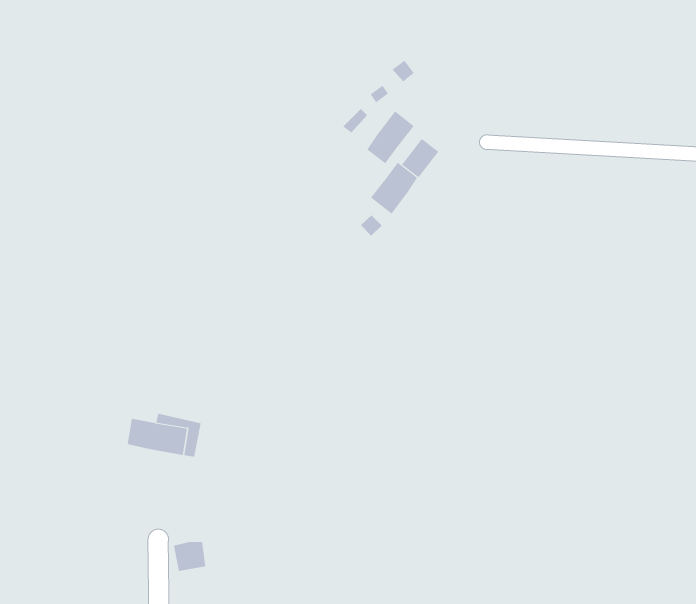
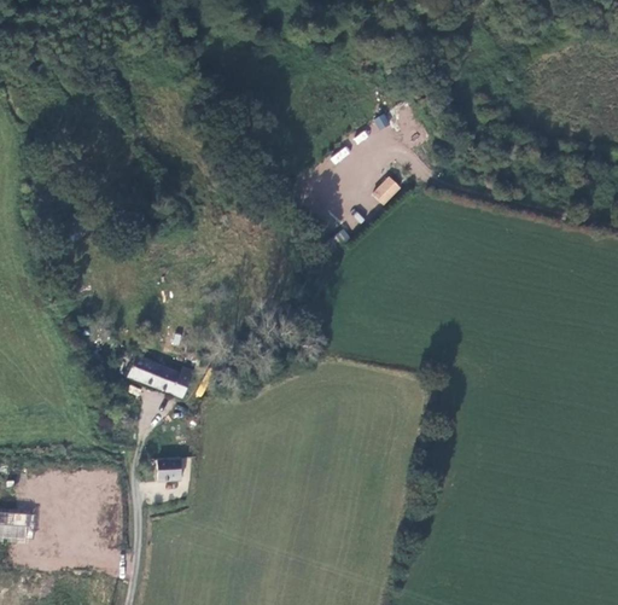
building: [367,110,414,164] -> none
building: [370,162,418,214] -> none

